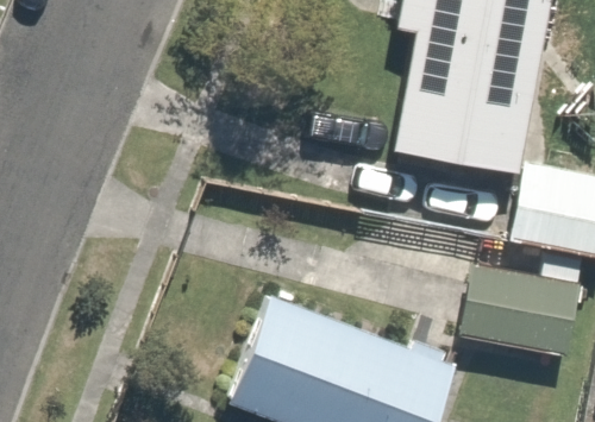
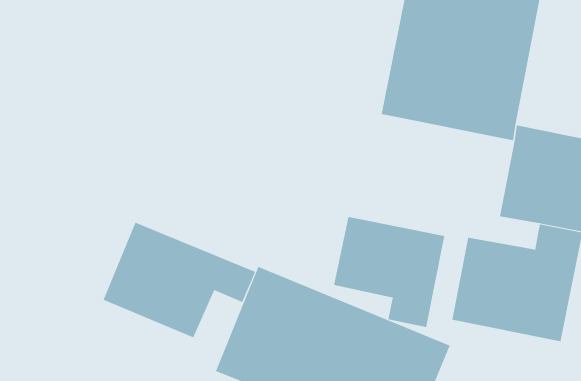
building: none -> [334,216,445,328]
building: none -> [103,222,256,338]

